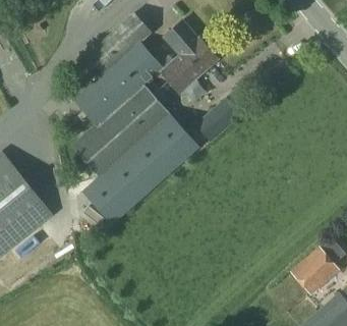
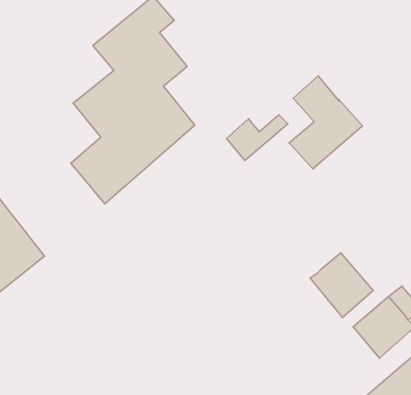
building: [162,20,219,93] -> [289,76,363,169]
building: [83,113,197,219] -> none
building: none -> [310,253,373,317]

